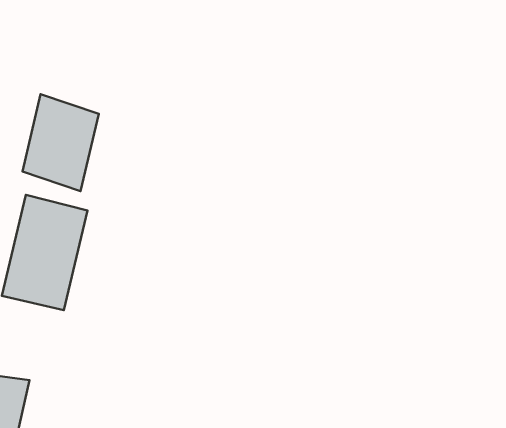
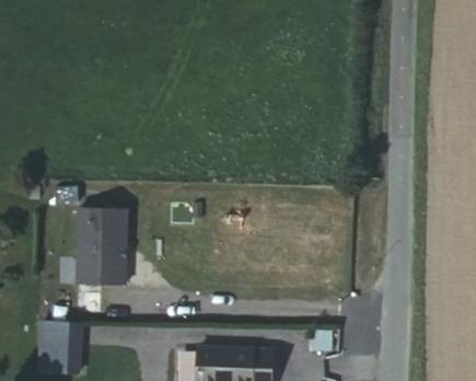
building: [22,94,99,191] -> none

